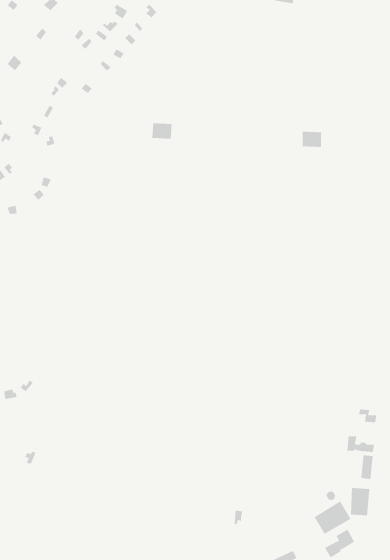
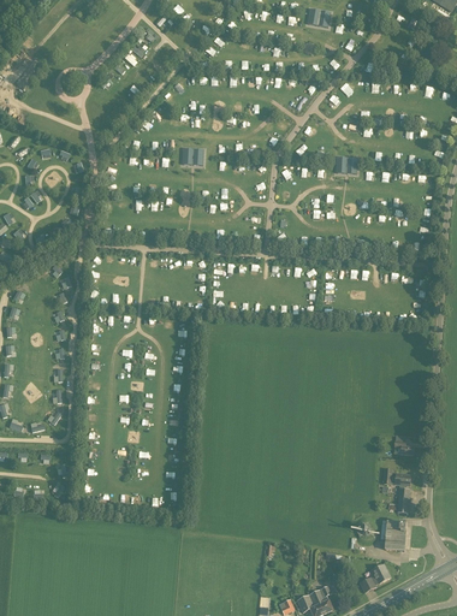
building: [314,500,351,535] -> none

